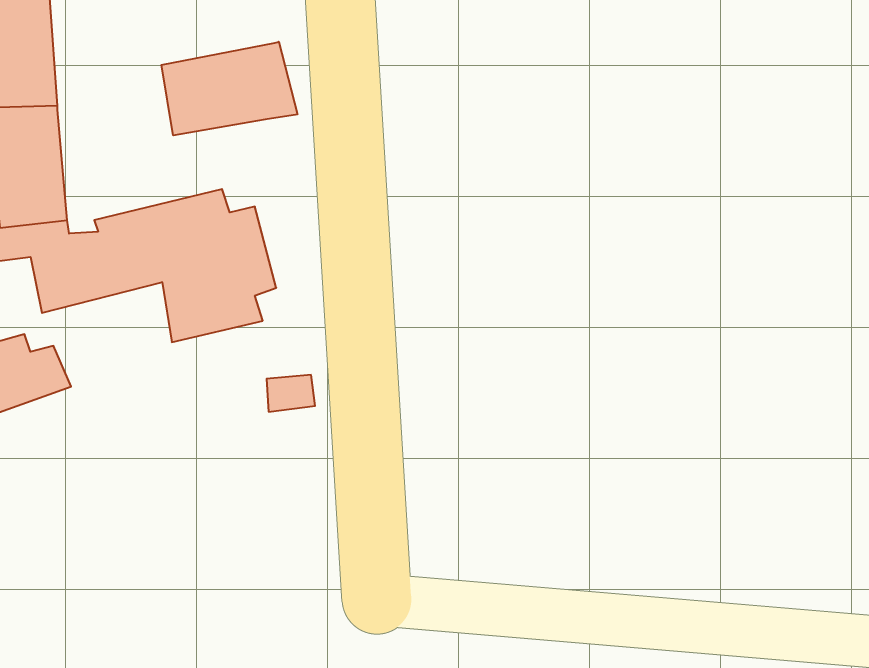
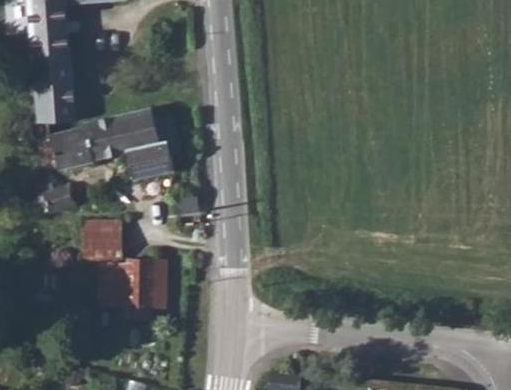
building: [161,42,297,135] -> none
building: none -> [82,213,169,303]

